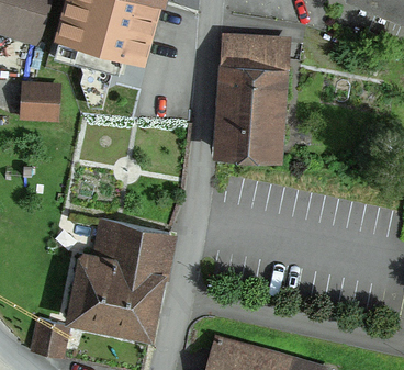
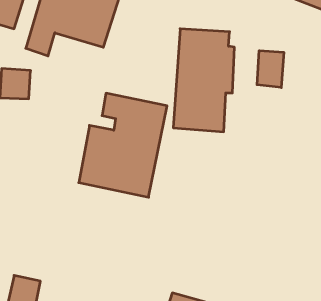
building: none -> [257,51,284,88]
building: [70,220,170,337] -> [79,93,167,197]

